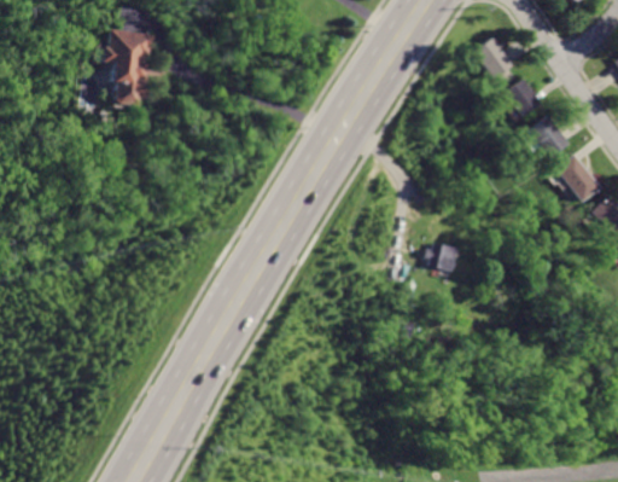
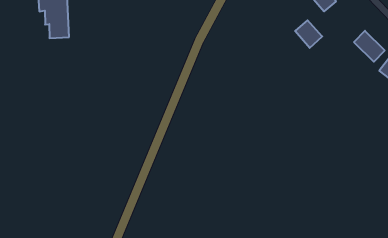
building: [530,116,569,157] -> [295,20,322,48]
building: [422,243,456,273] -> none

